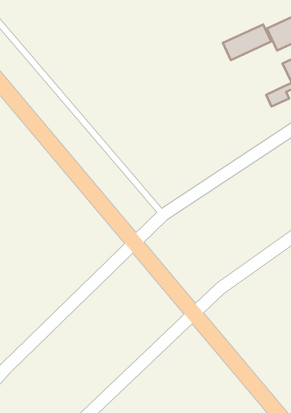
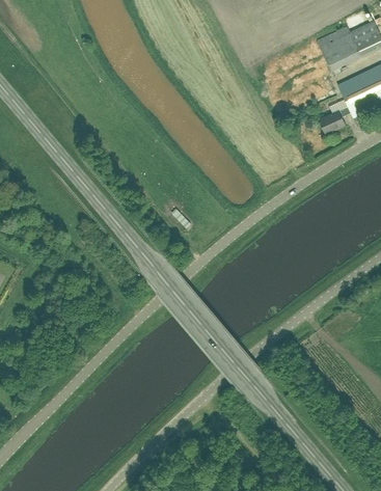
building: [223,24,271,60] -> none

